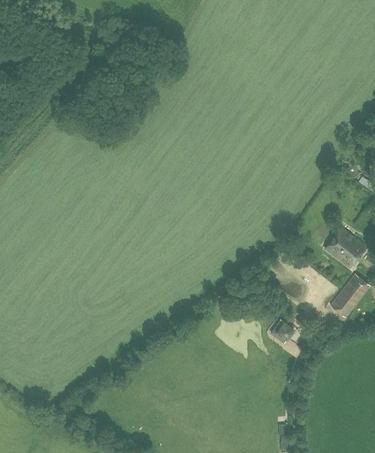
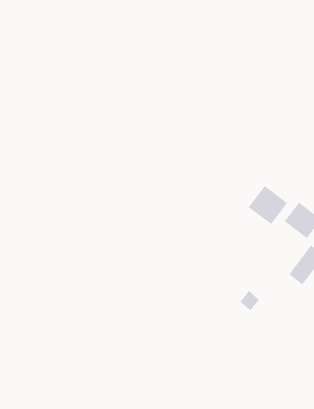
building: none -> [248,185,288,225]

